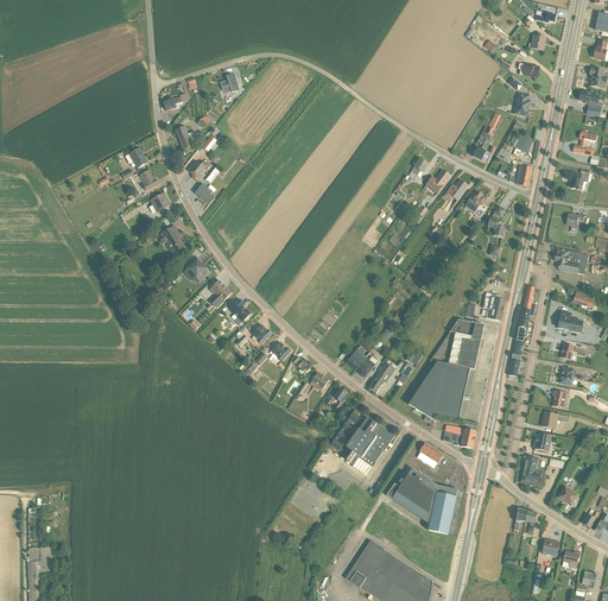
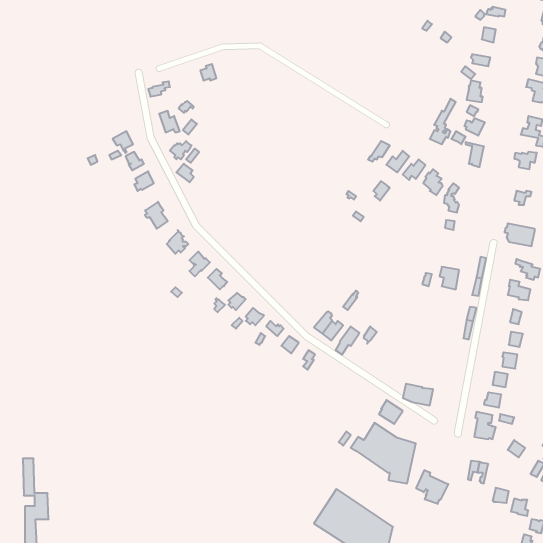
building: [408,320,483,426] -> none
building: [328,409,394,475] -> none
building: none -> [416,470,448,504]

